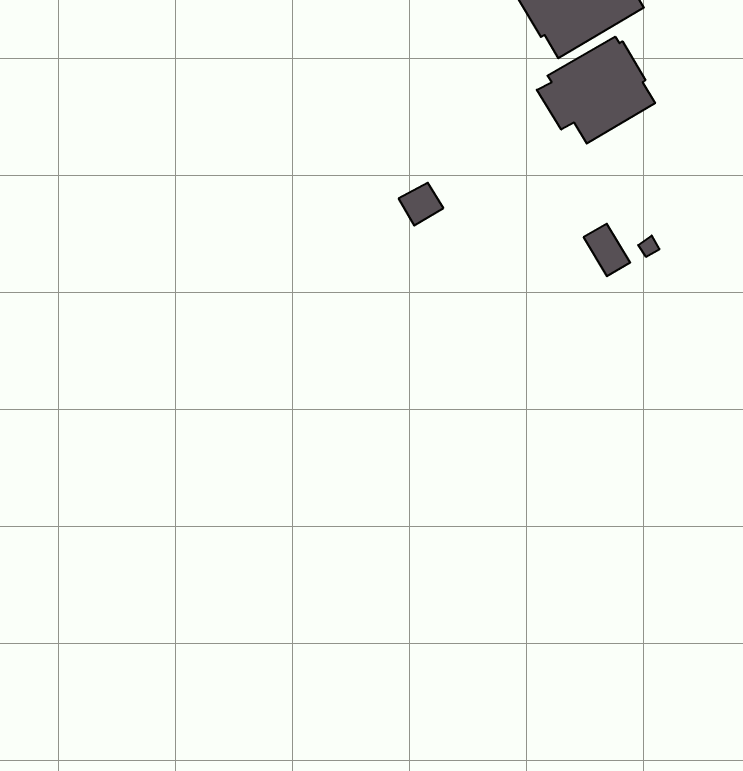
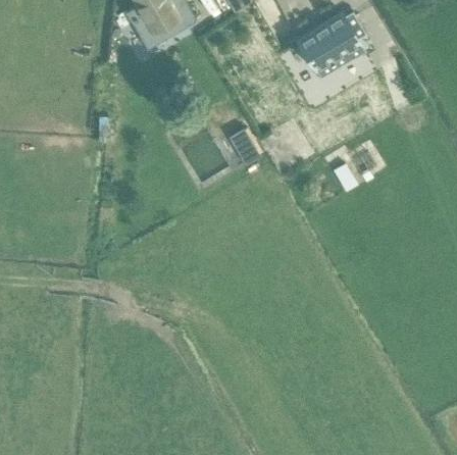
building: [537,37,655,144] -> none

